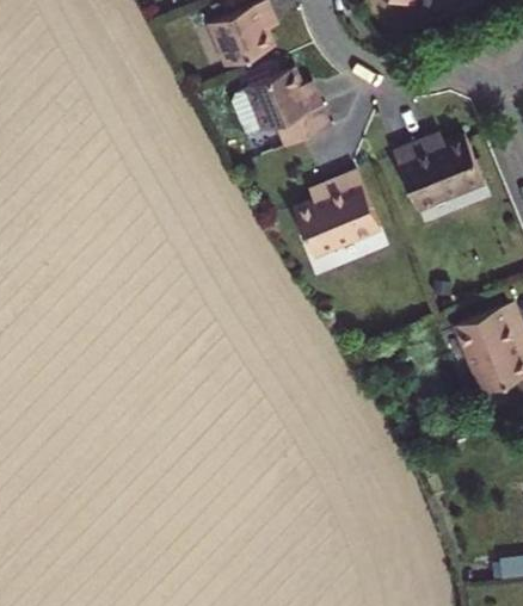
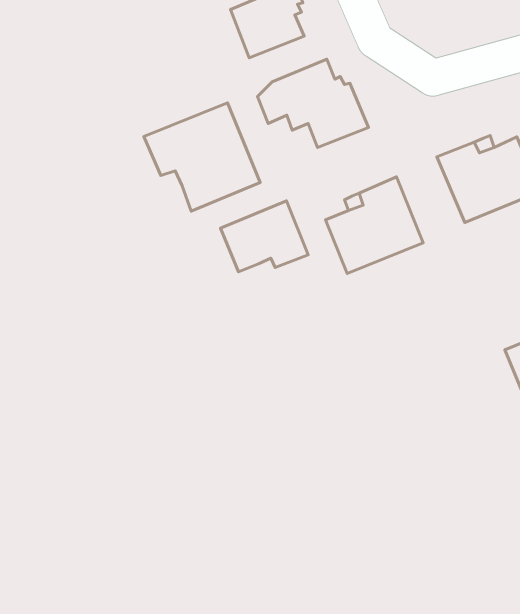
building: none -> [144,103,260,211]
building: none -> [220,201,308,272]

